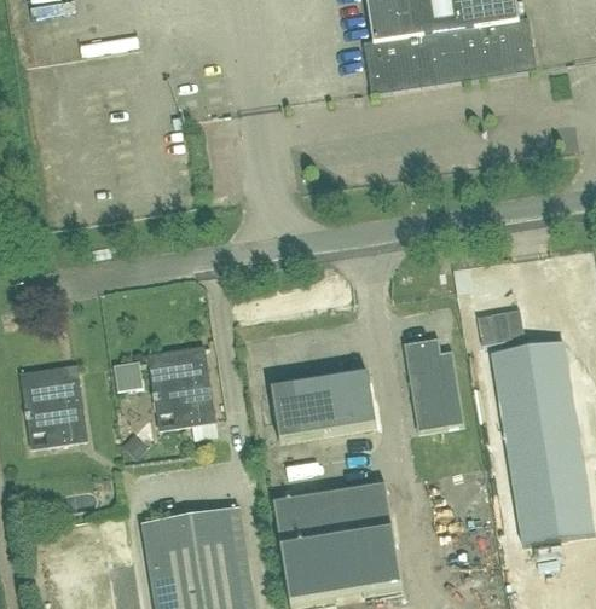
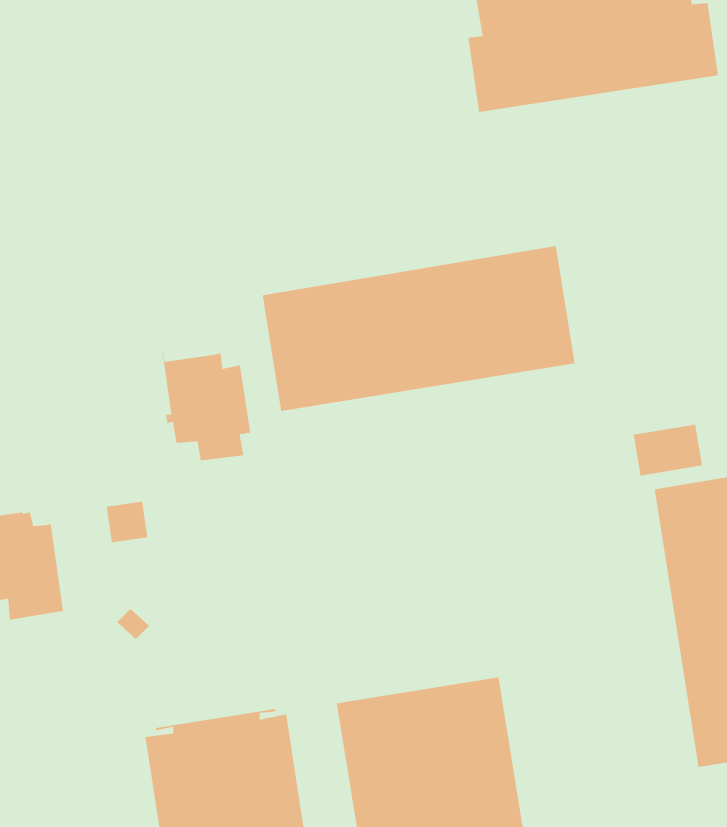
building: none -> [262,245,576,412]
building: [403,337,463,430] -> none
building: [149,348,210,424] -> [162,351,251,461]
building: [271,372,376,440] -> none

